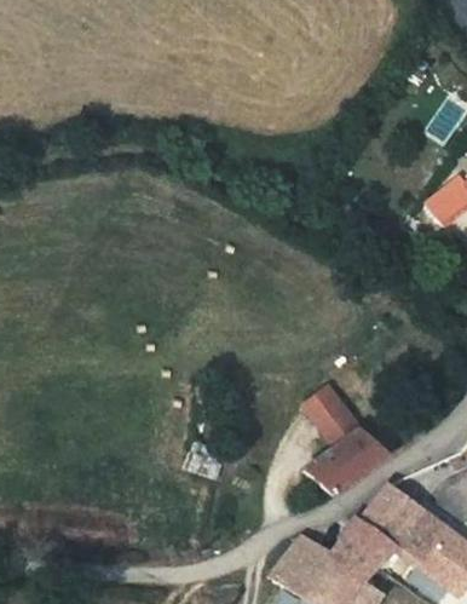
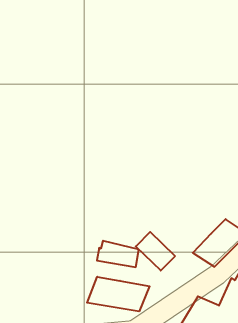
building: [305,387,361,447] -> [136,232,175,271]
building: none -> [87,277,150,311]

